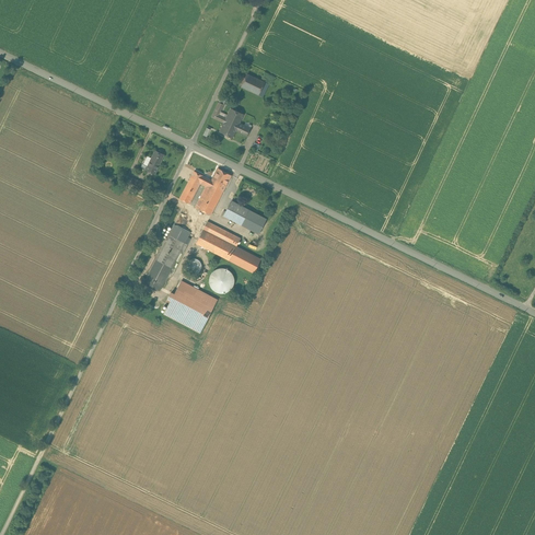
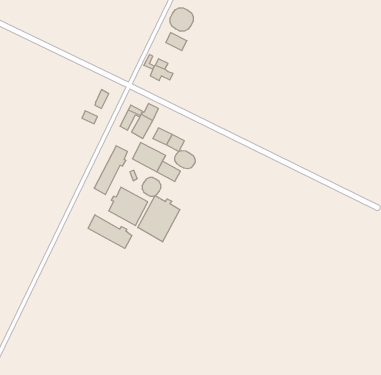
building: none -> [170,8,193,31]
building: none -> [175,150,195,169]
building: none -> [138,195,180,242]
building: none -> [88,215,132,248]

